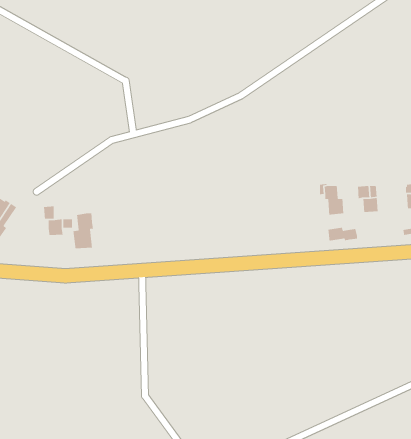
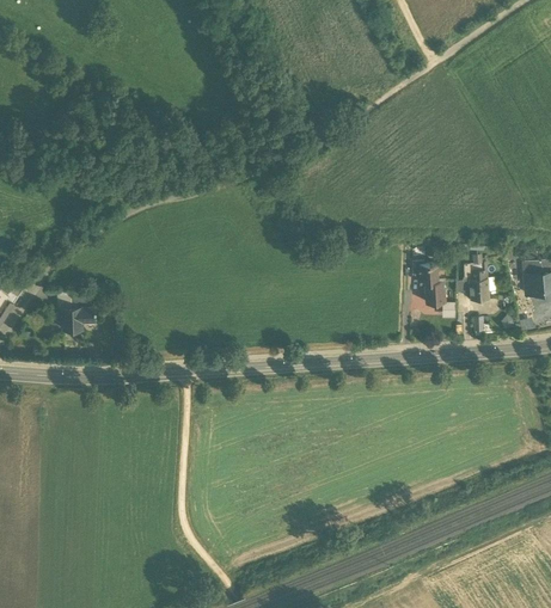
building: [73,212,94,249] -> none
building: [327,227,358,242] -> none

